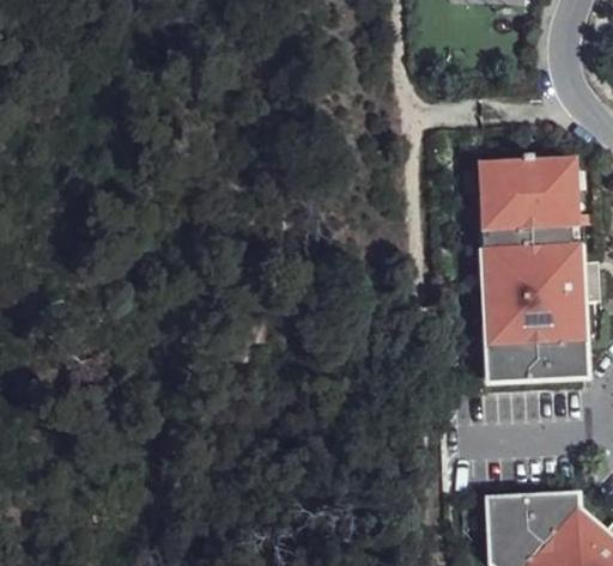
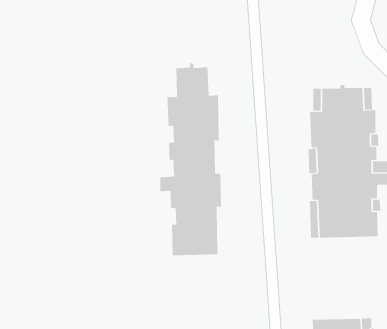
building: none -> [160,63,222,256]

